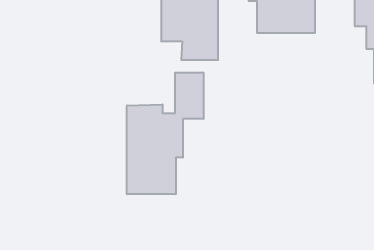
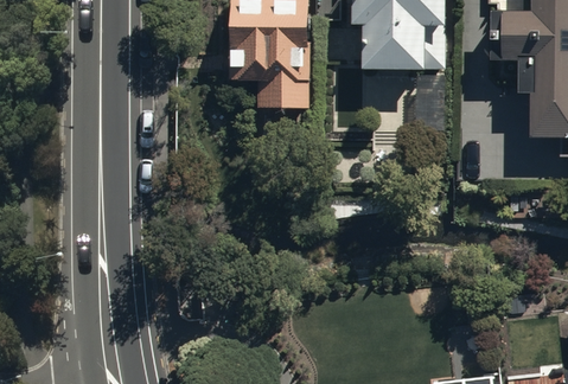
building: [127,73,204,194] -> none

